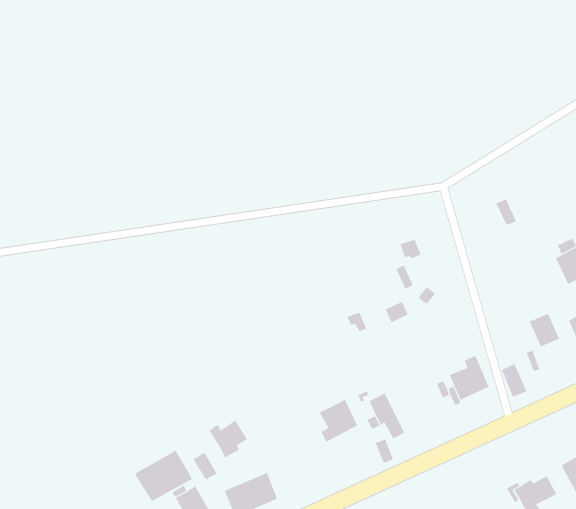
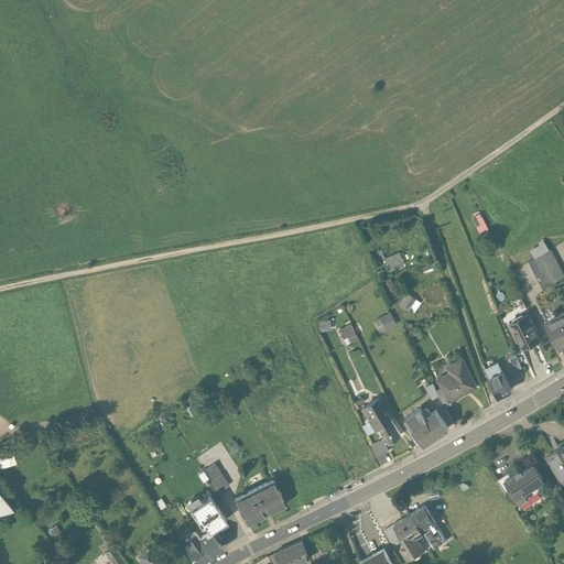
building: [319,399,358,442] -> none
building: none -> [408,410,447,444]
building: [209,419,248,458] -> none
building: [134,450,193,502] -> none

